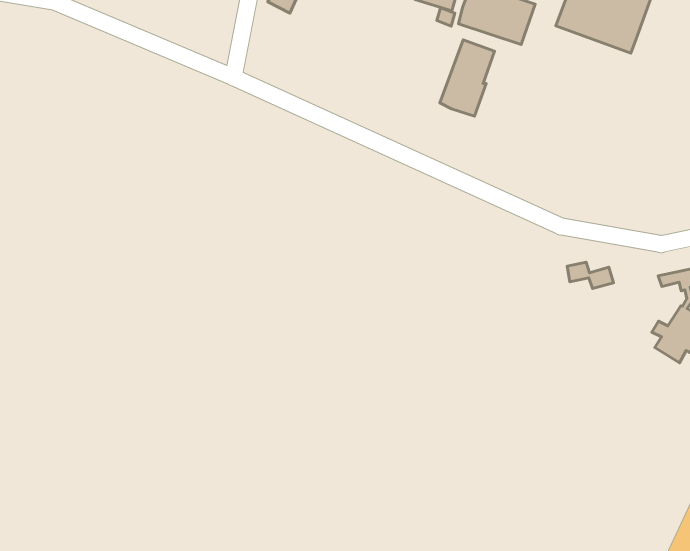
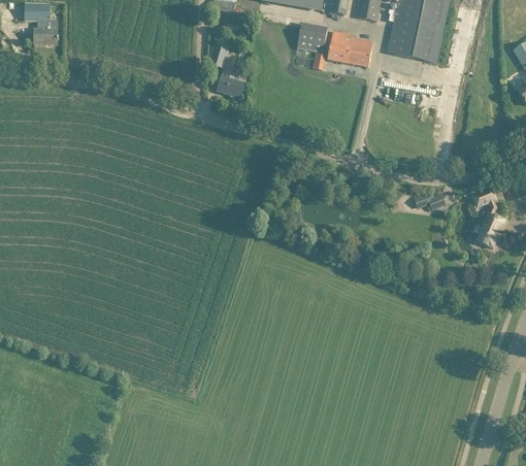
building: none -> [218,74,246,97]
building: [440,40,494,116] -> none

